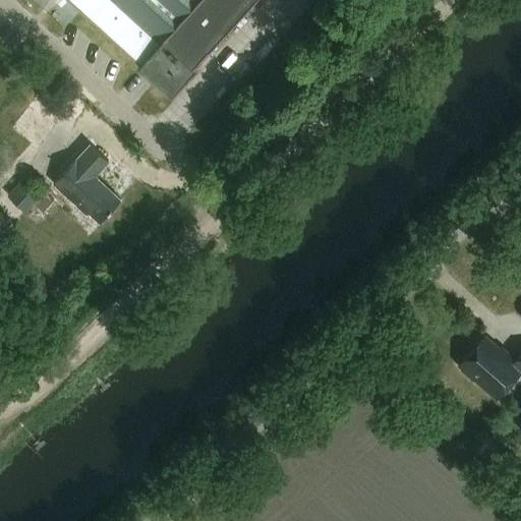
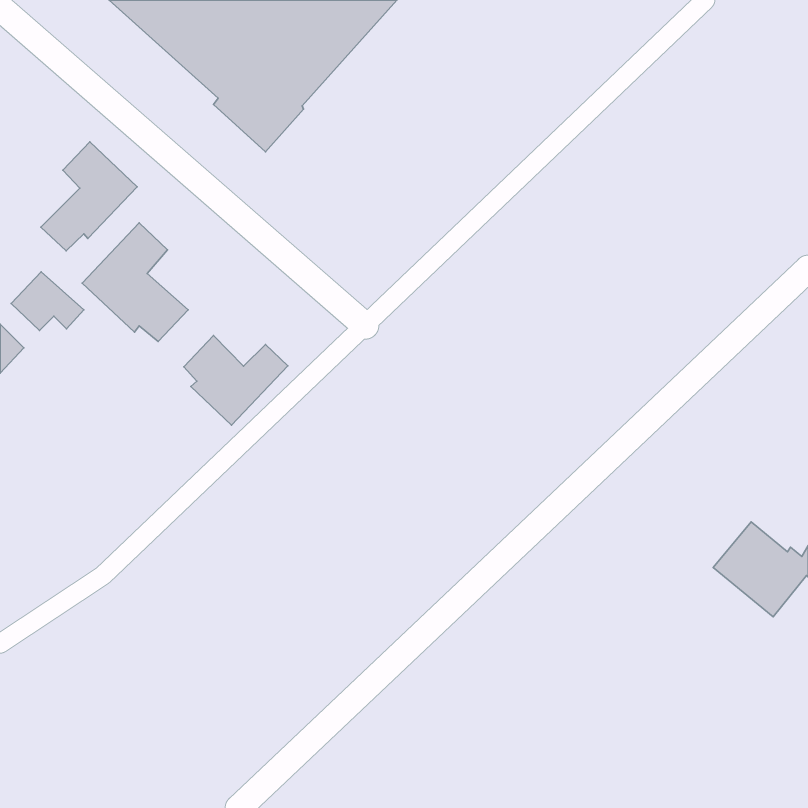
building: none -> [41,142,137,251]
building: none -> [184,335,288,425]

